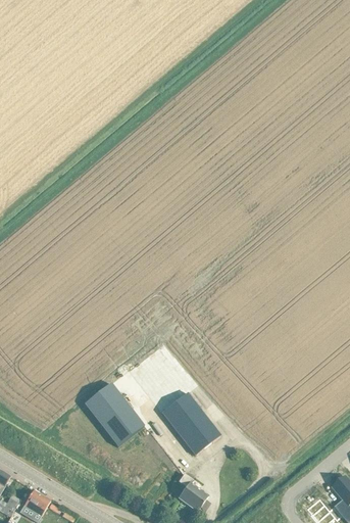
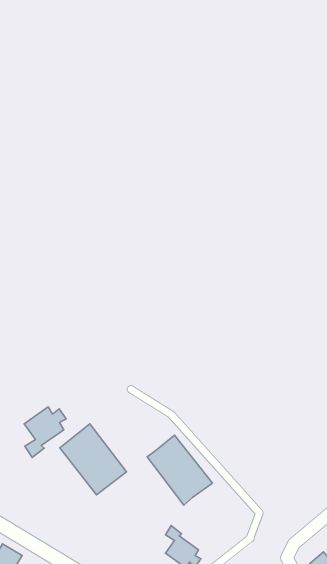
building: none -> [24,407,66,457]

